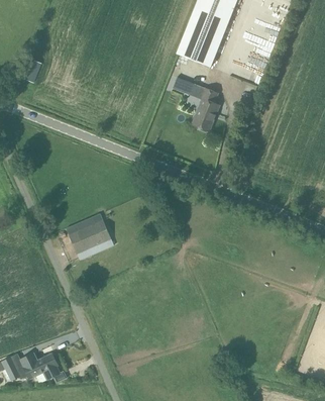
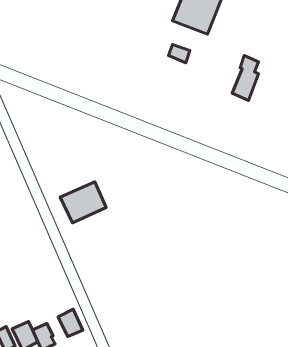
building: [193,87,219,131] -> [232,56,259,100]
building: none -> [58,309,83,336]

